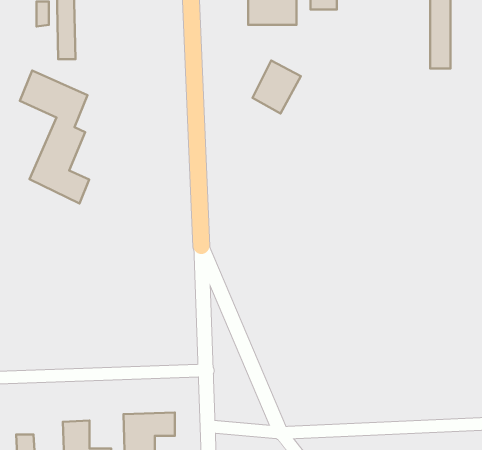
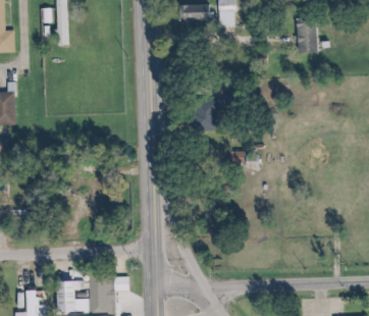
building: [252,61,301,114] -> [196,100,227,135]
building: [20,70,89,204] -> none

